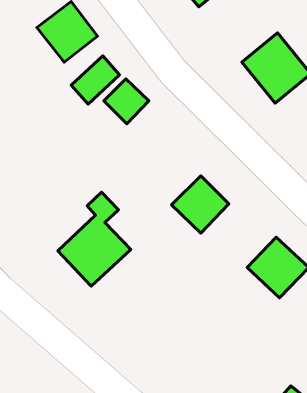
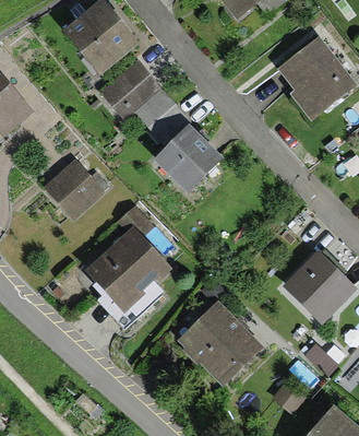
building: none -> [47,163,97,213]
building: [171,176,229,233] -> [157,129,217,189]
building: none -> [180,304,258,381]

